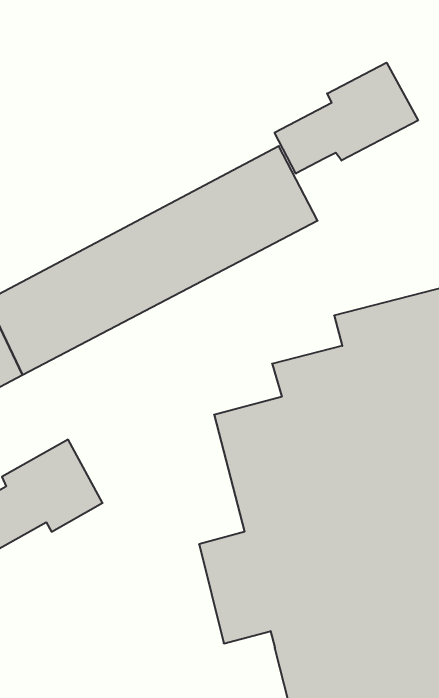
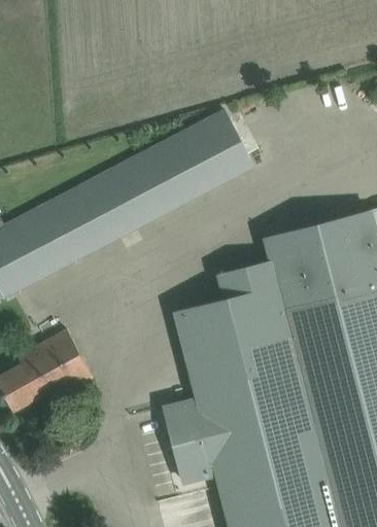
building: [275,63,418,174] -> none

